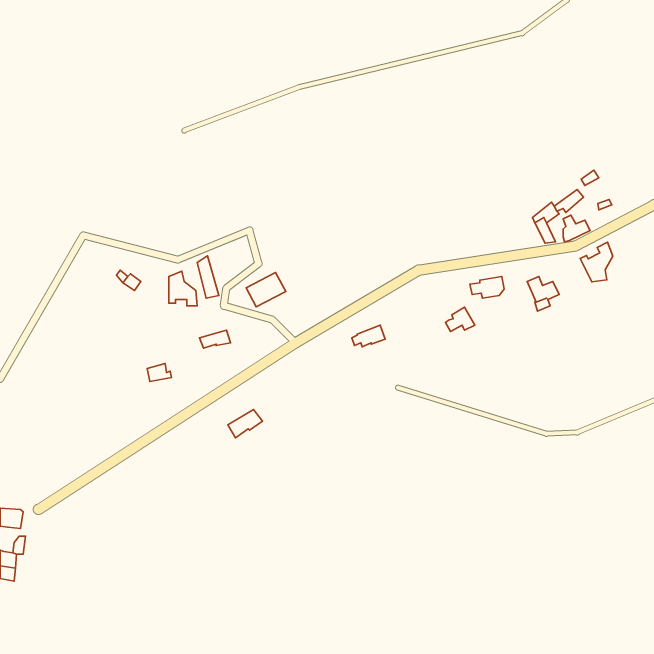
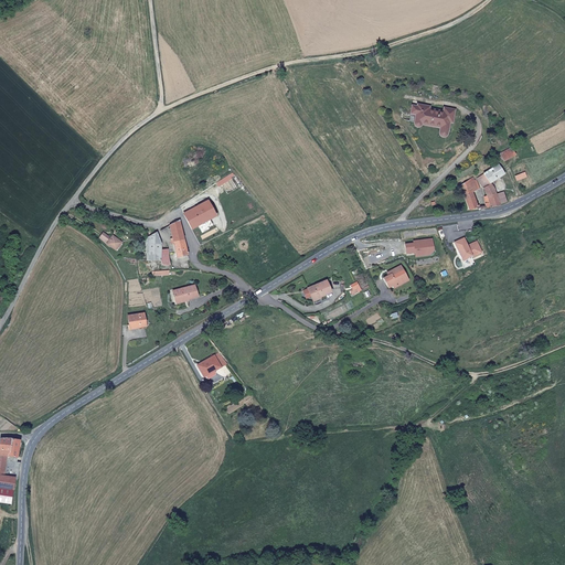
building: none -> [413,104,457,137]
building: [580,242,613,282] -> none
building: [246,272,286,307] -> [183,200,217,230]

